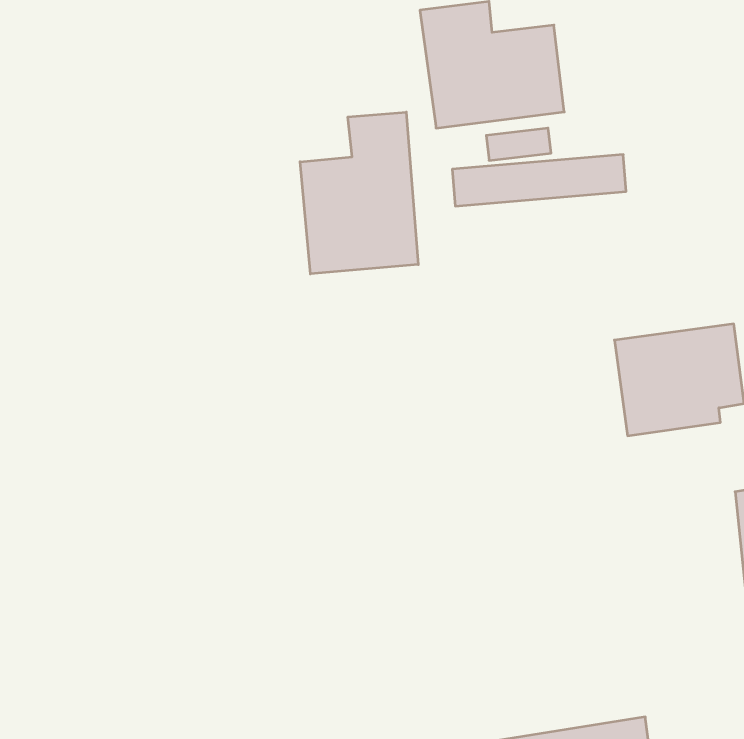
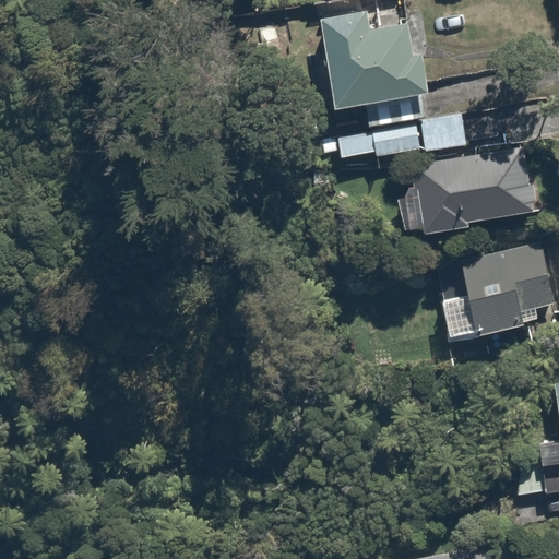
building: [300,112,418,274] -> none
building: none -> [415,154,533,234]

